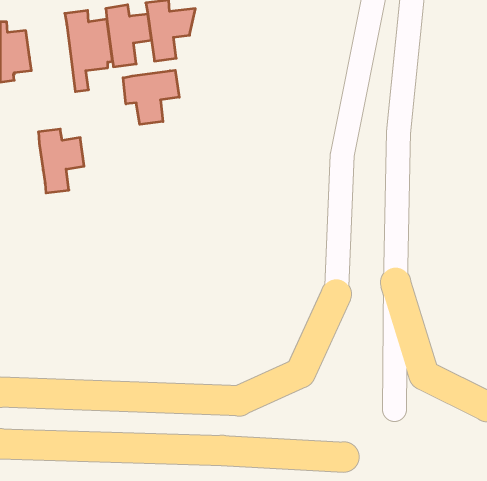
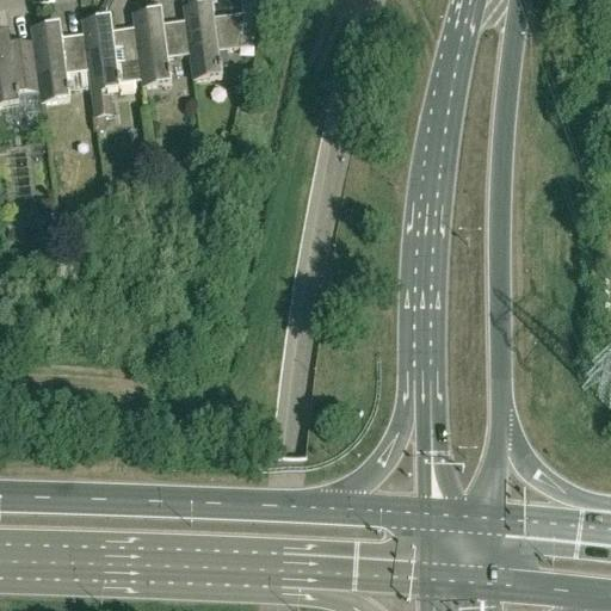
building: [123,70,179,124] -> none
building: [38,129,84,193] -> [31,20,88,100]

